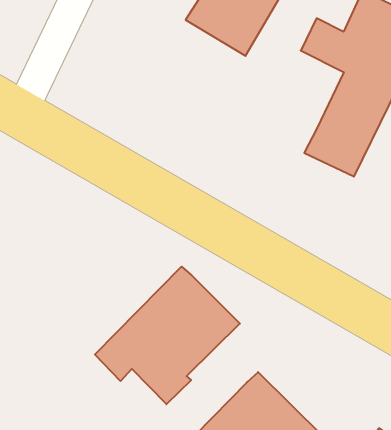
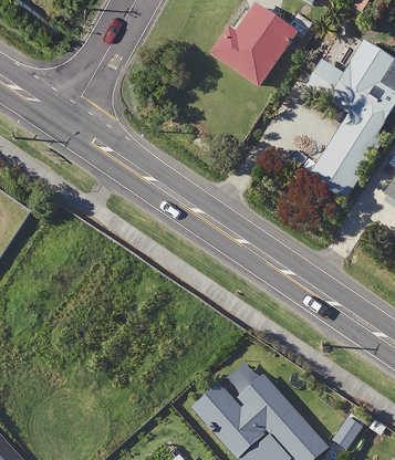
building: [95,267,240,404] -> none

